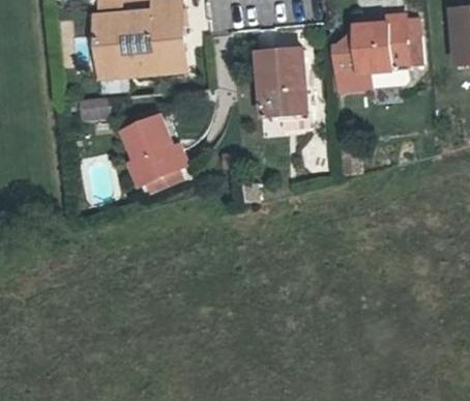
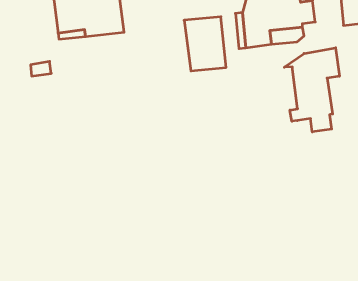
building: none -> [284,48,339,132]
building: [124,114,192,190] -> none

